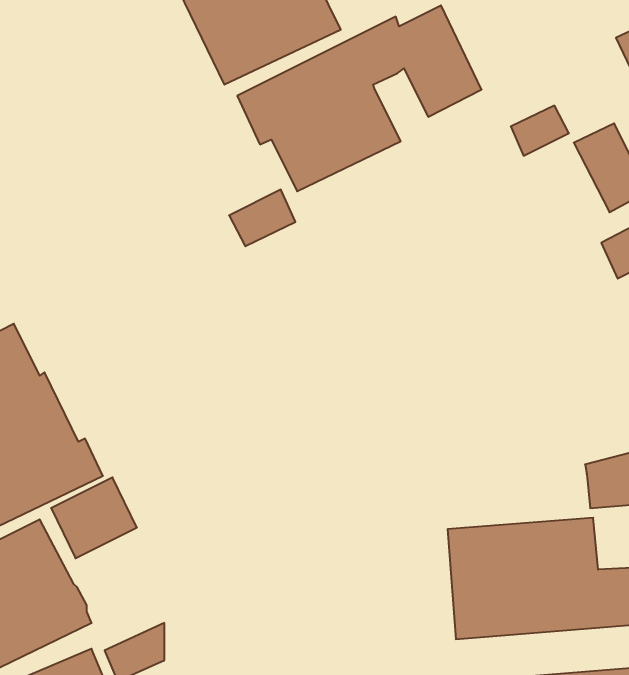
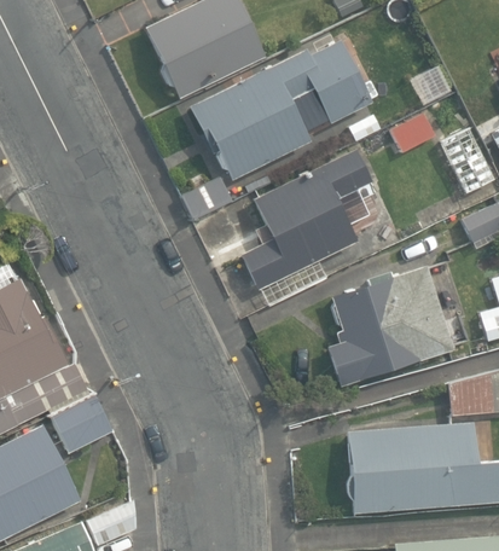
building: none -> [240,149,373,307]
building: none -> [330,267,452,387]

